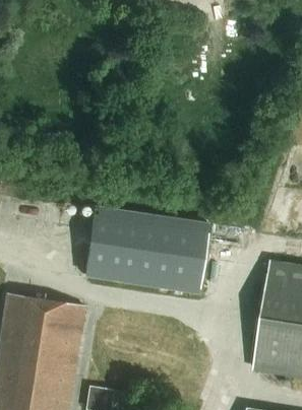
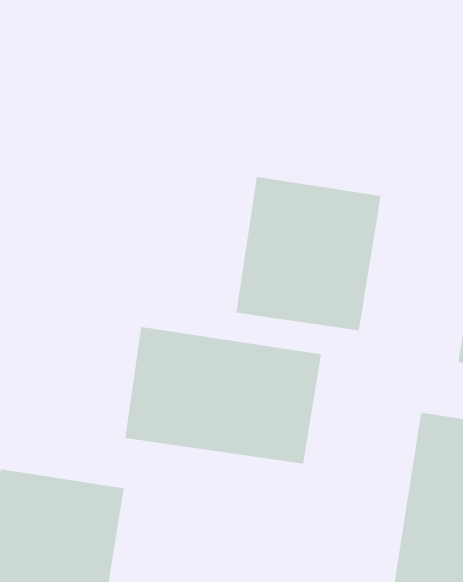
building: none -> [236,176,381,331]

